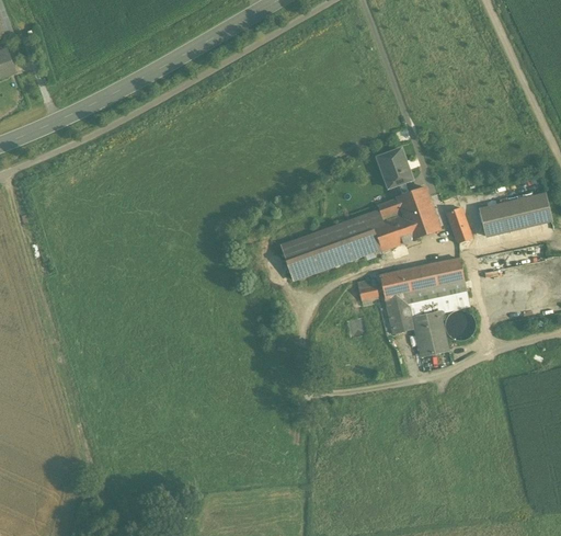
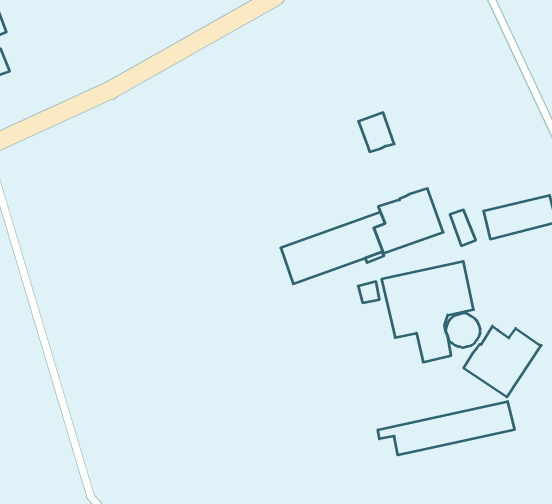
building: [376,148,411,186] -> [358,113,394,152]
building: none -> [464,326,541,397]
building: none -> [378,401,514,455]

